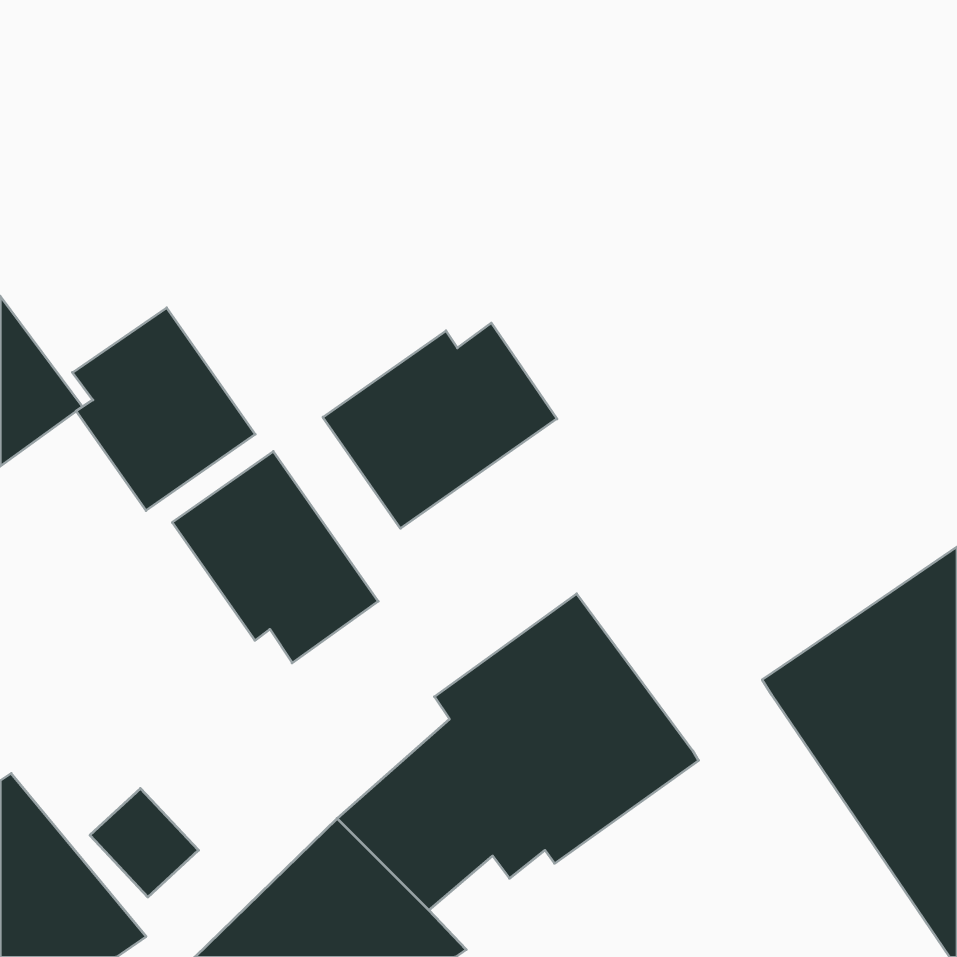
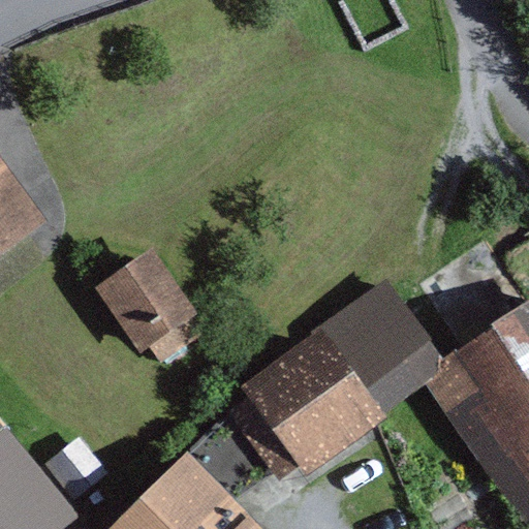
building: [72,308,255,511] -> none
building: [323,323,557,528] -> none
building: none -> [318,280,443,414]

